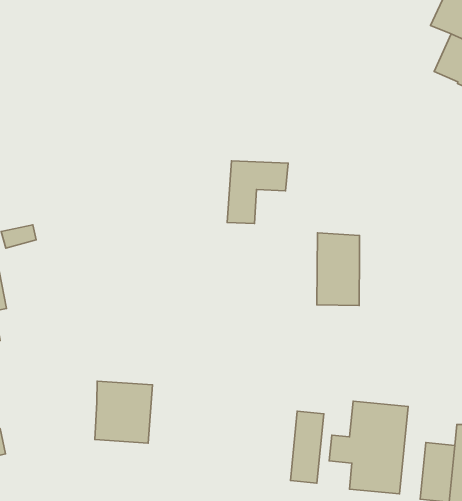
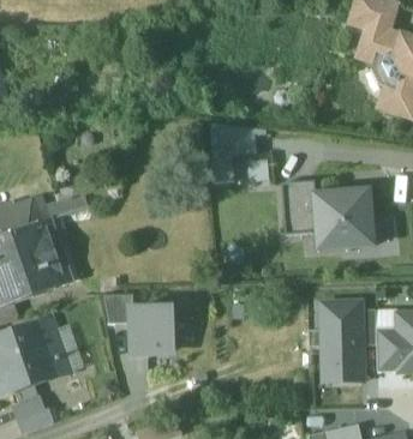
building: none -> [315,191,373,249]
building: none -> [103,293,132,325]
building: [290,411,324,483] -> none

